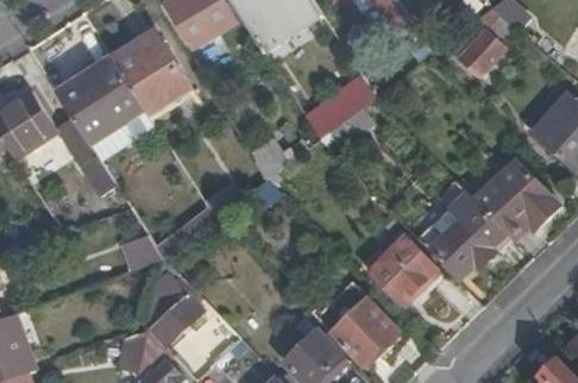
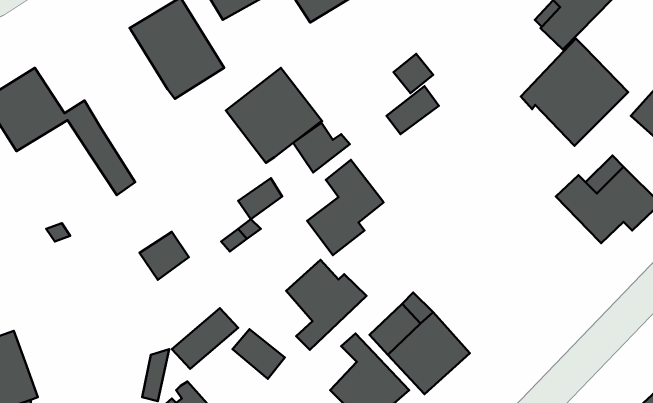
building: [57,58,144,142] -> none
building: none -> [226,68,322,163]
building: none -> [307,160,384,255]
building: [417,192,508,282] -> [521,39,628,146]
building: [367,236,435,302] -> none
building: none -> [286,260,367,350]

